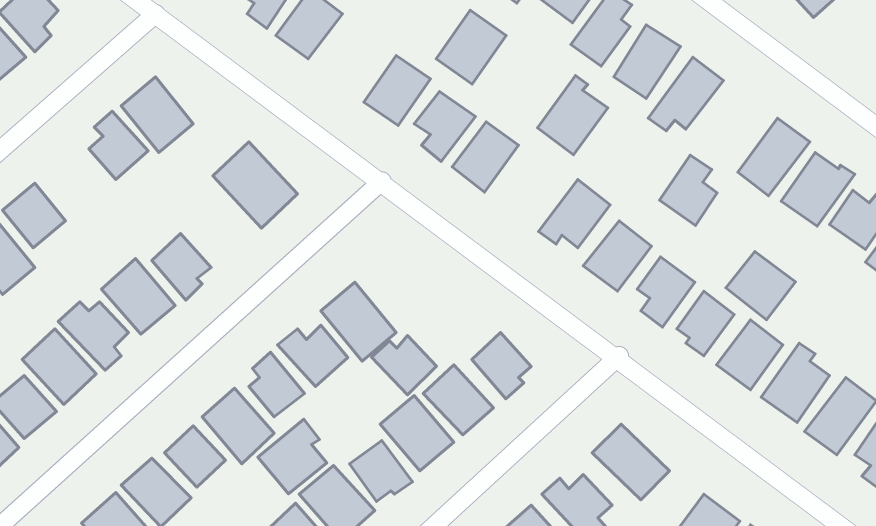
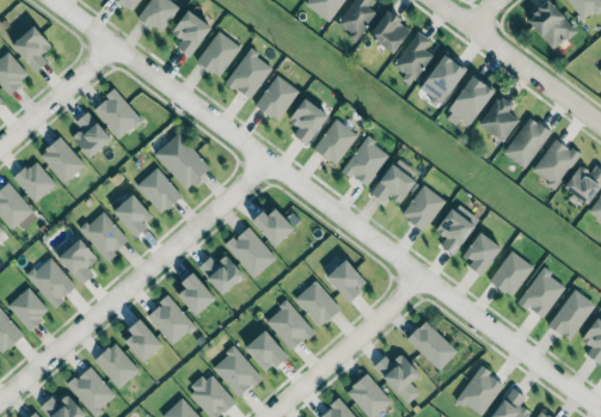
building: [436,10,506,84] -> [226,50,272,99]
building: [538,76,608,155] -> [343,135,390,188]
building: none -> [39,137,85,184]
building: [660,155,717,225] -> [479,96,517,142]
building: none -> [136,167,182,214]
building: [726,251,796,320] -> none
building: [372,336,436,395] -> [251,208,294,247]
building: [258,419,327,494] -> none

